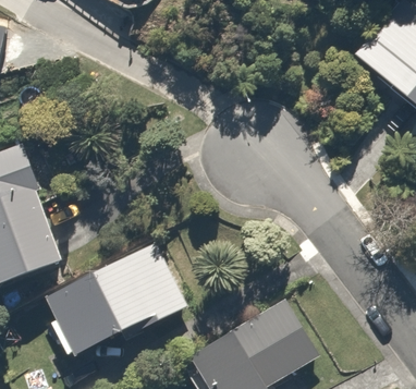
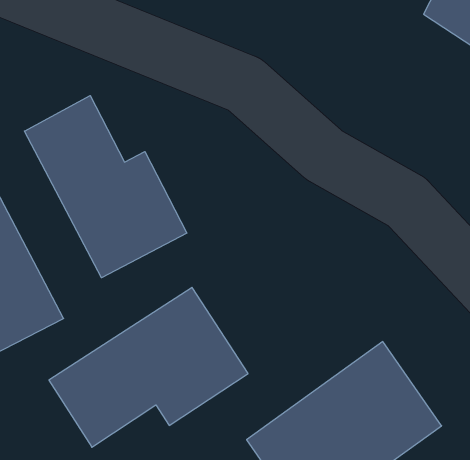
building: none -> [24,96,187,278]

